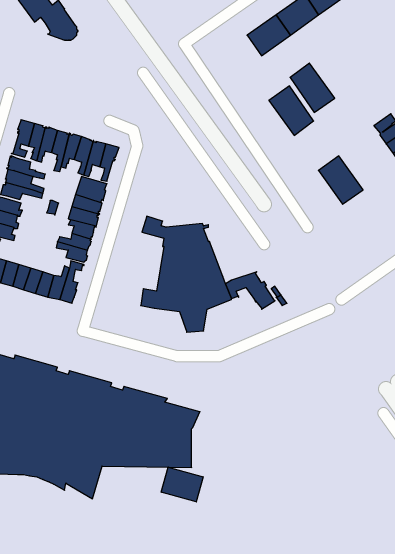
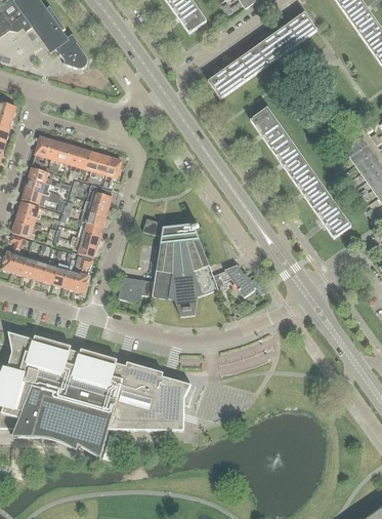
building: none -> [208,64,244,97]
building: [290,63,335,112] -> [271,136,309,178]
building: none -> [312,195,350,237]
building: none -> [118,276,143,304]
building: [161,467,203,502] -> none

